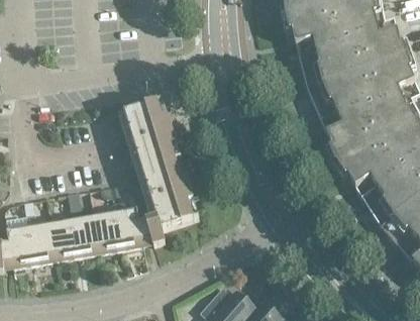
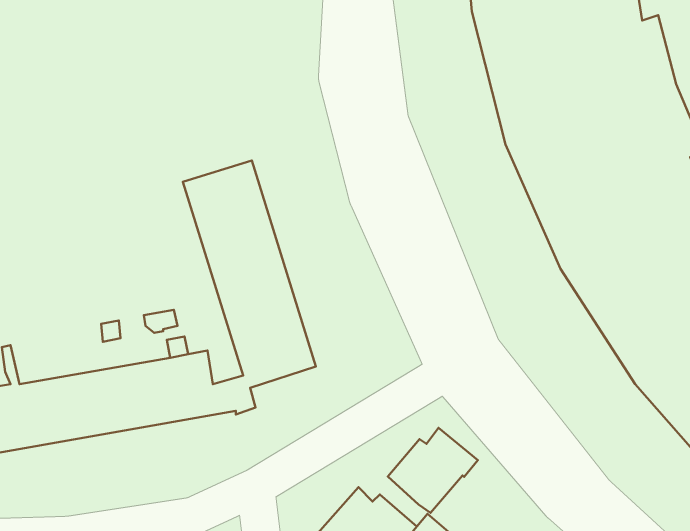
building: none -> [388,428,478,513]

